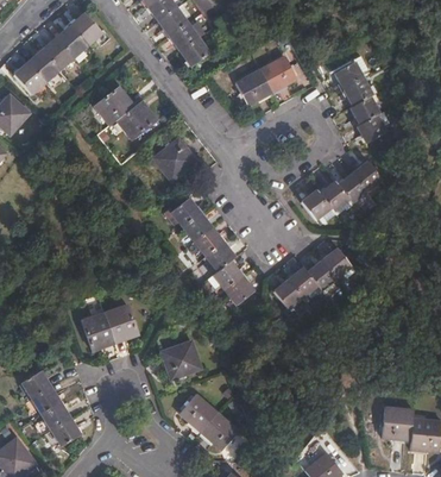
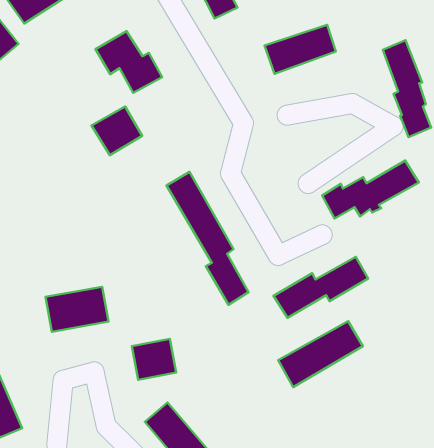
building: [152,138,196,181] -> [91,106,142,155]
building: none -> [278,321,363,387]

